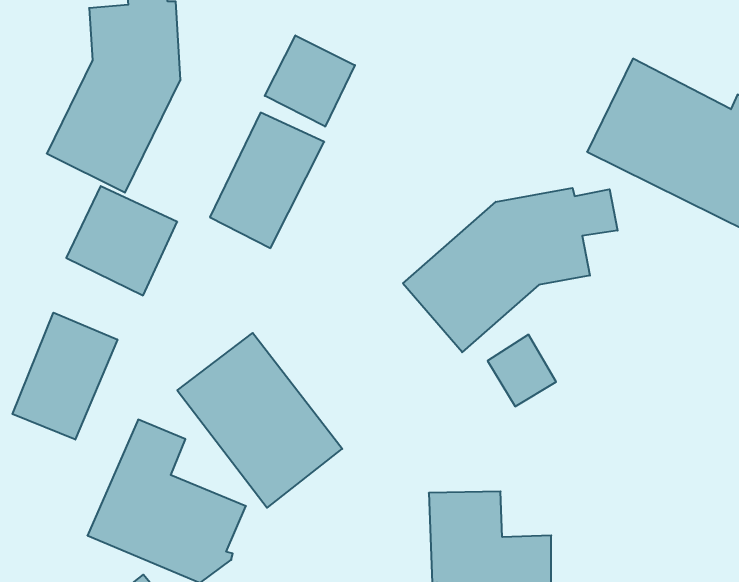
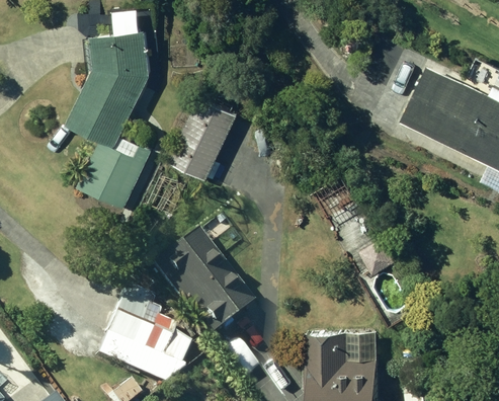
building: [265,35,355,127] -> none
building: [403,188,618,352] -> none
building: [12,313,117,440] -> none

